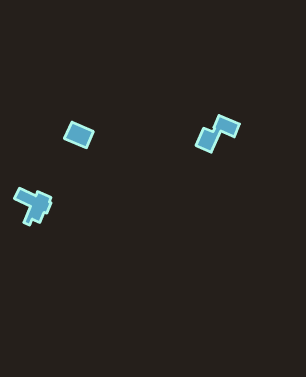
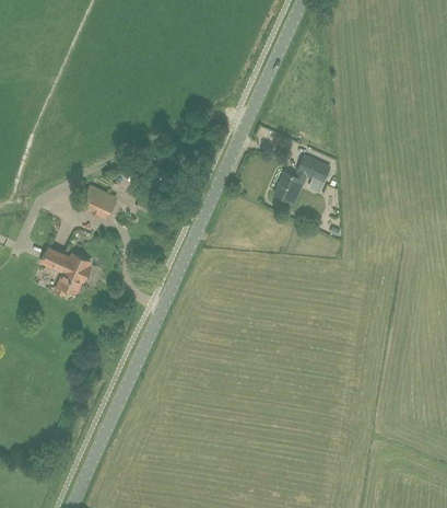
building: [64,122,93,148] -> [80,185,117,218]

